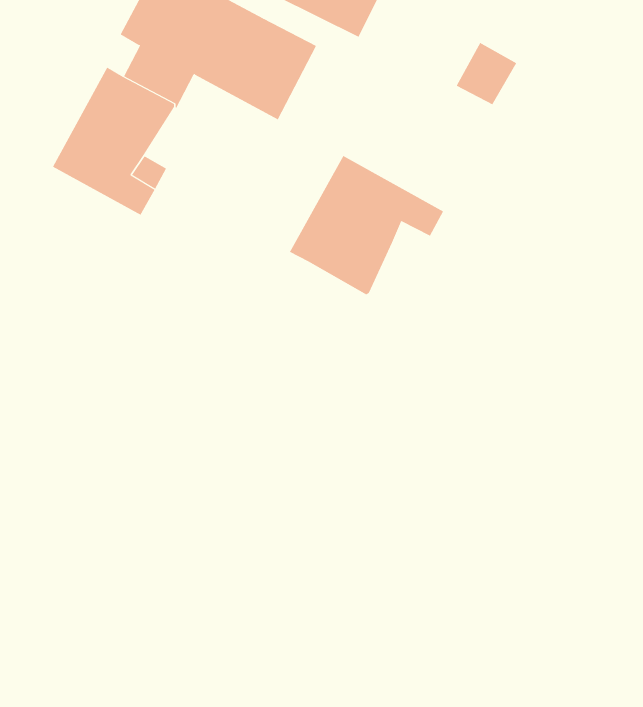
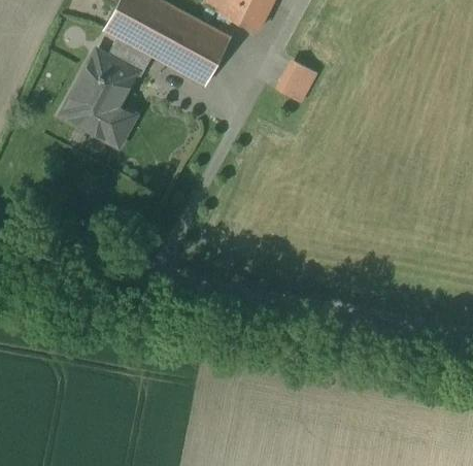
building: [456,42,517,105] -> [276,61,315,101]
building: [289,155,444,295] -> none

